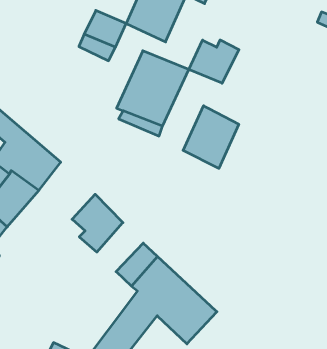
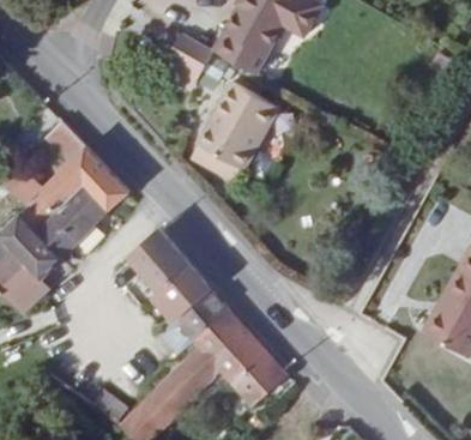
building: [189,40,239,83] -> none
building: [183,106,239,168] -> none
building: none -> [158,265,211,319]

